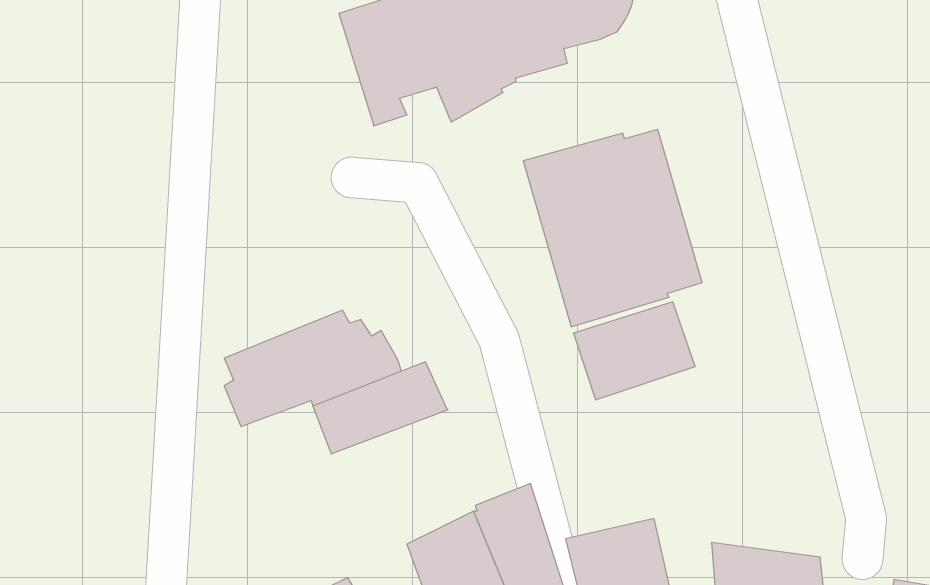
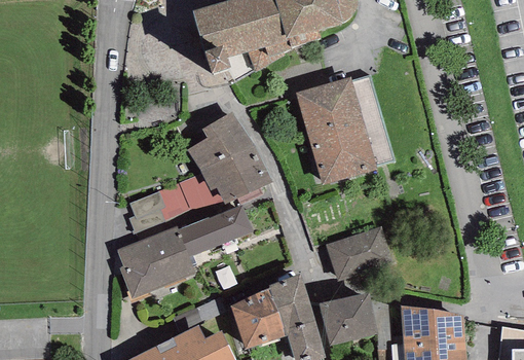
building: none -> [187,111,271,204]
building: [573,302,695,400] -> [325,226,392,281]
building: none -> [116,226,194,299]

